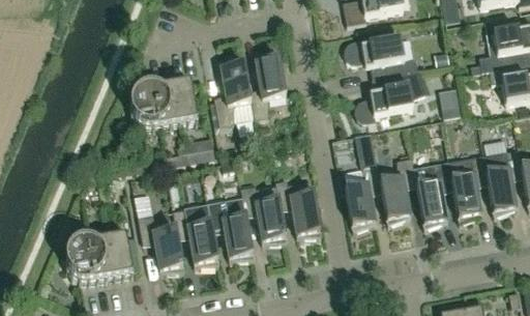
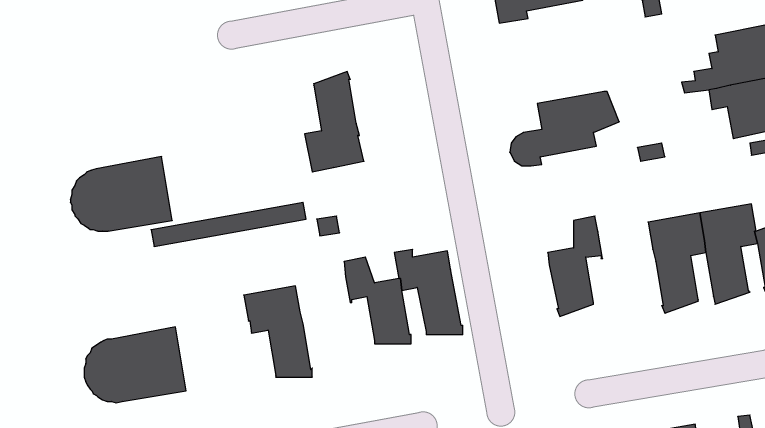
building: [344,36,418,78] -> none
building: [249,50,286,117] -> none
building: [128,77,198,127] -> [70,157,172,231]
building: [414,159,453,227] -> none
building: [345,161,381,229] -> none
building: [208,196,254,258] -> none
building: [138,212,184,270] -> none

